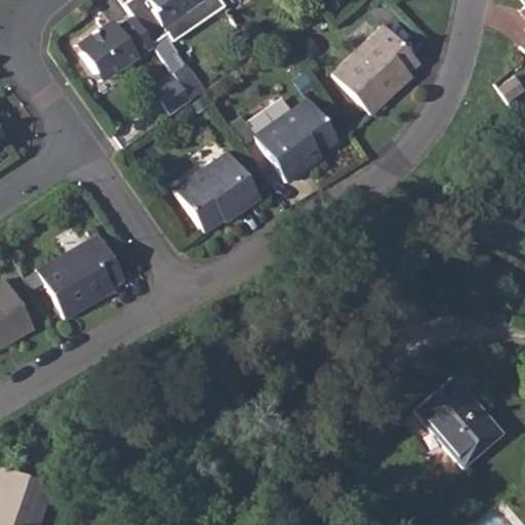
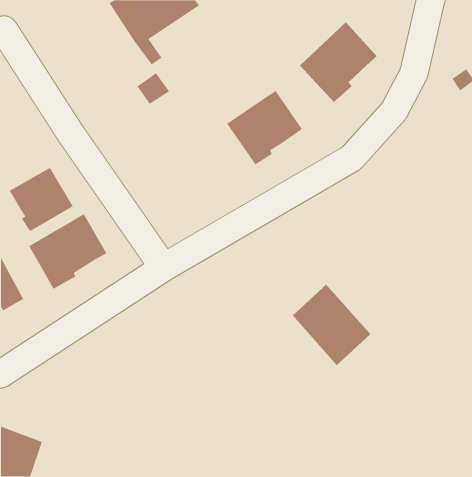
building: [81,15,153,76] -> none
building: [173,151,259,233] -> none
building: none -> [9,167,74,232]
building: [417,376,504,467] -> [292,284,371,366]

